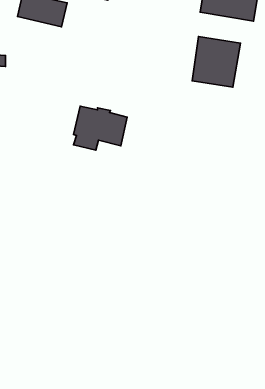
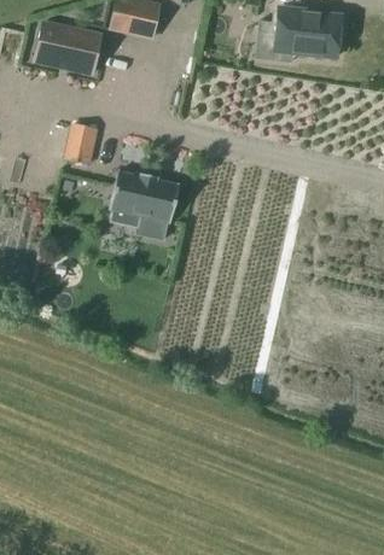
building: [192,37,240,87] -> none
building: none -> [64,123,95,162]

